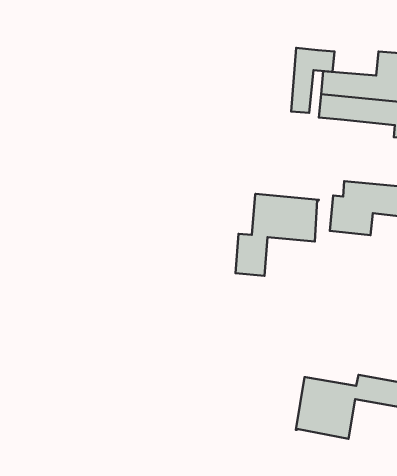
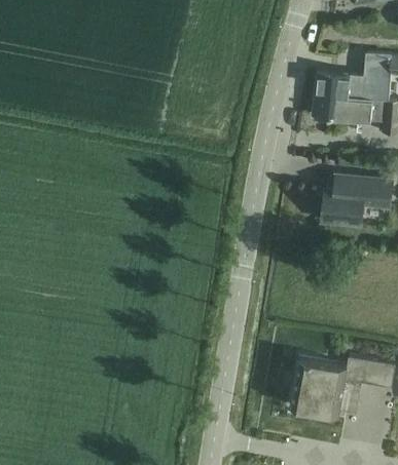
building: [291,48,334,113] -> none
building: [235,194,319,276] -> none

